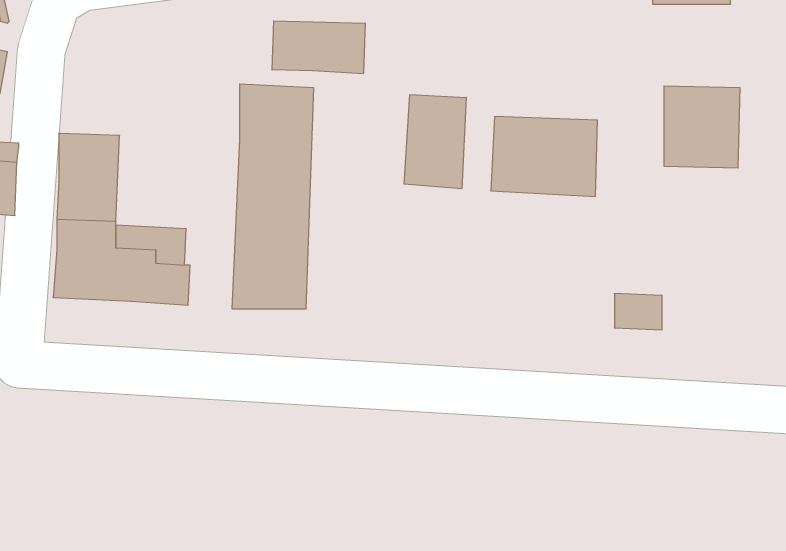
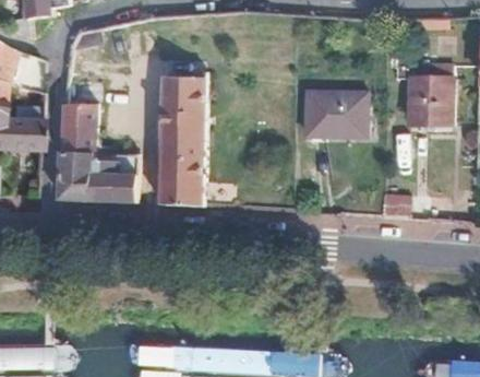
building: [272,21,365,74] -> none
building: [404,95,466,189] -> none

